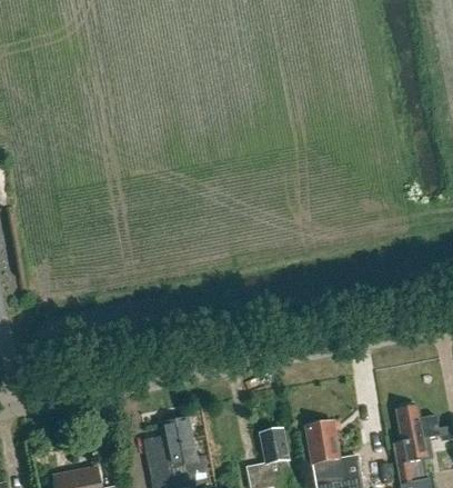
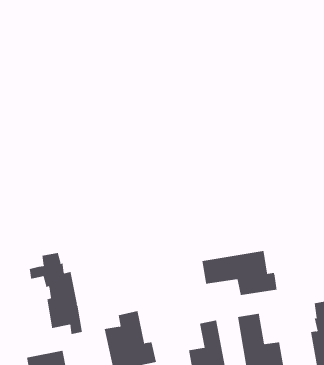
building: none -> [202,250,277,296]
building: none -> [29,252,83,335]

